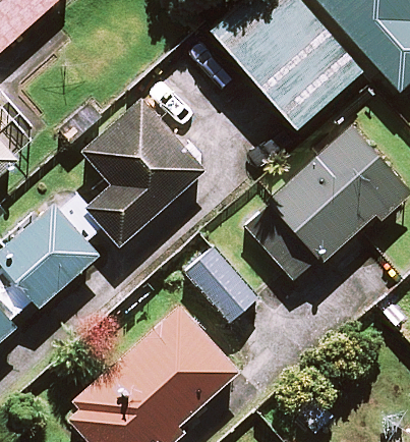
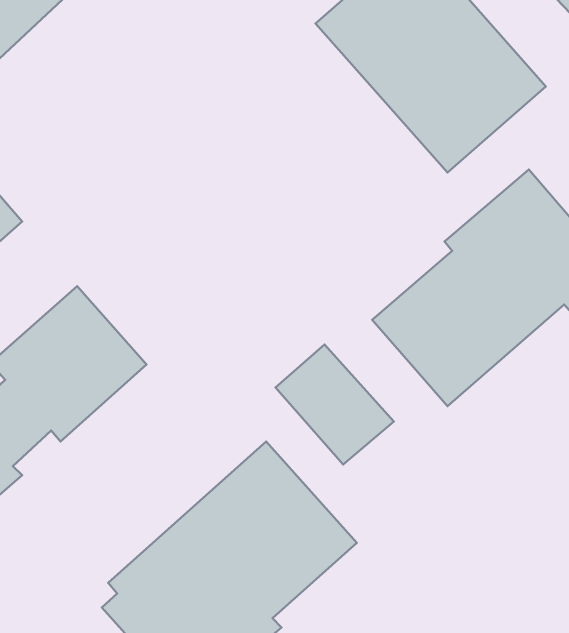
building: [83,101,202,245] -> none

